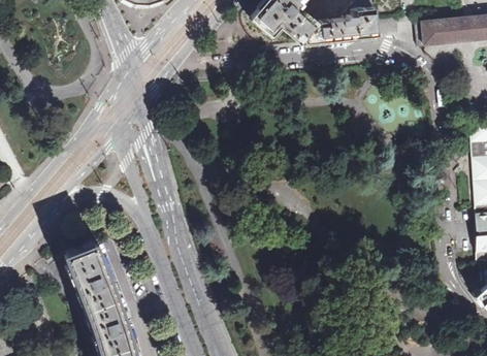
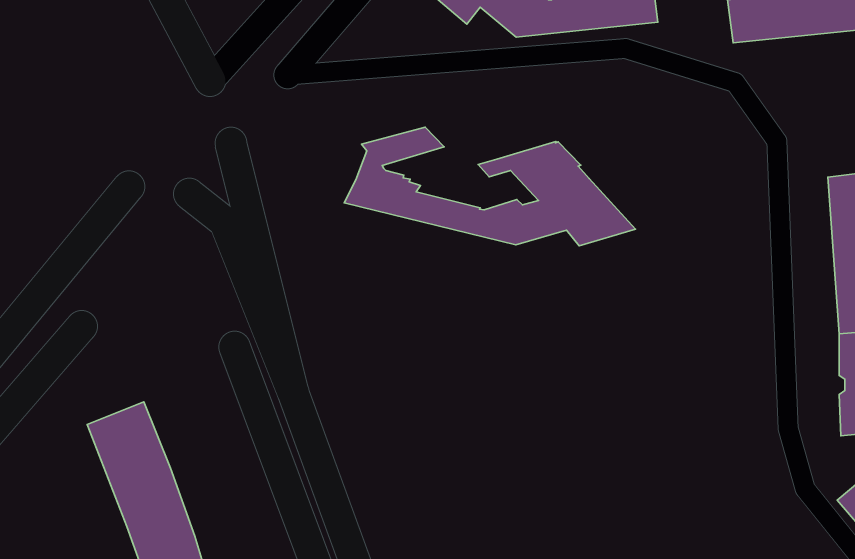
building: none -> [344,127,635,246]

